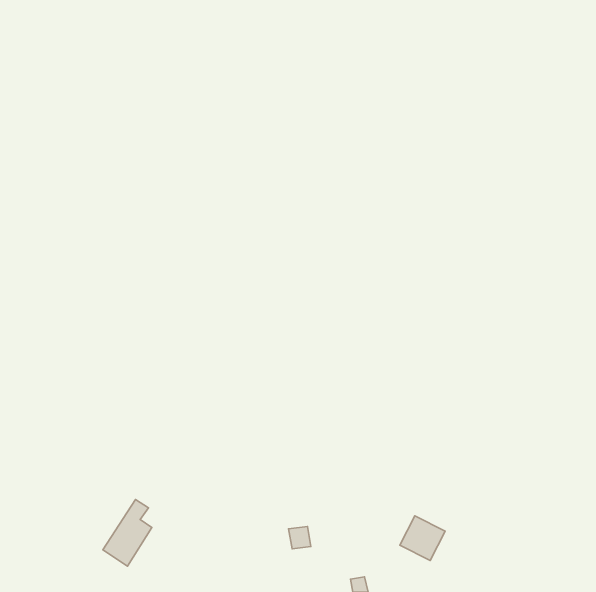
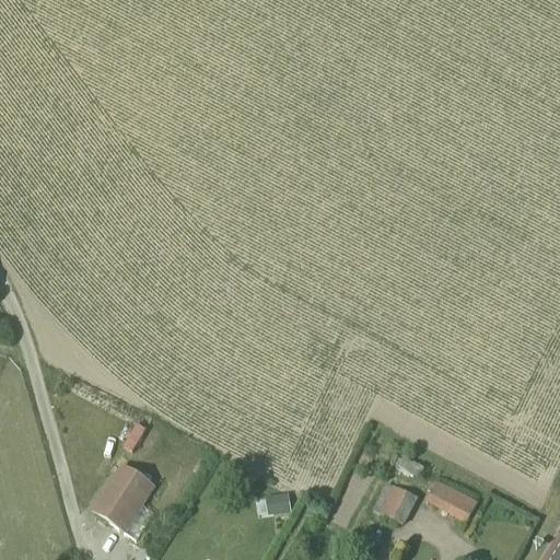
building: none -> [423,477,477,518]

